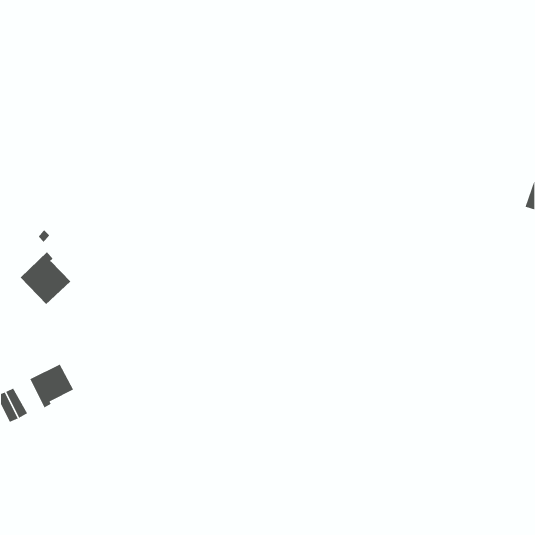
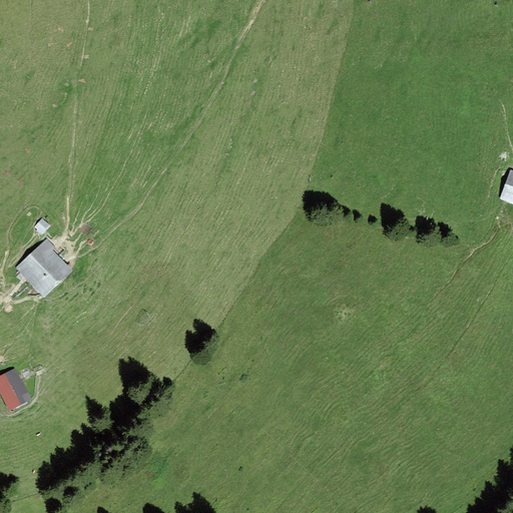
building: [29,363,74,409] -> none

